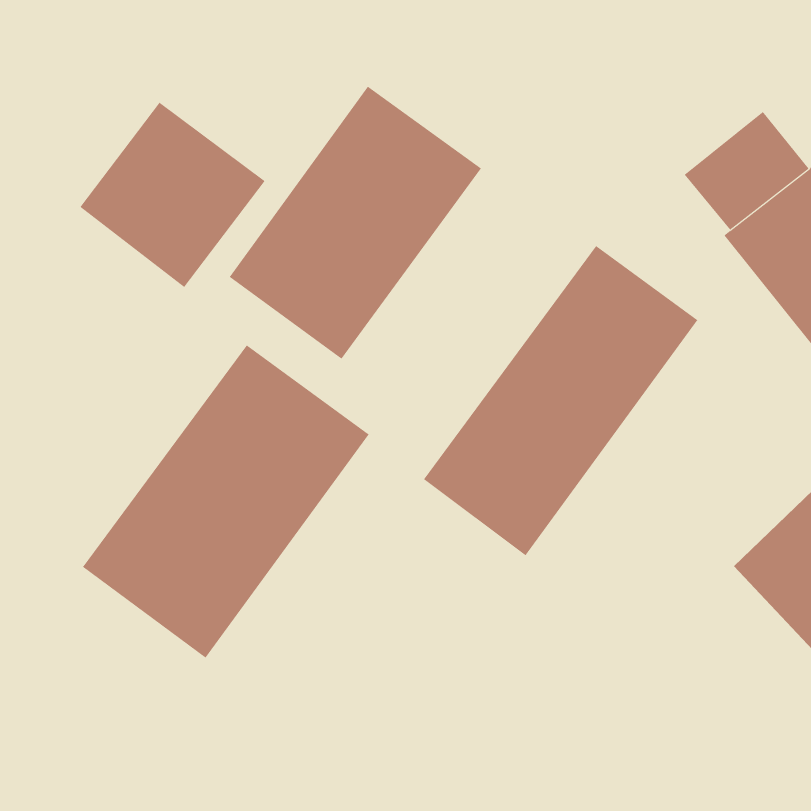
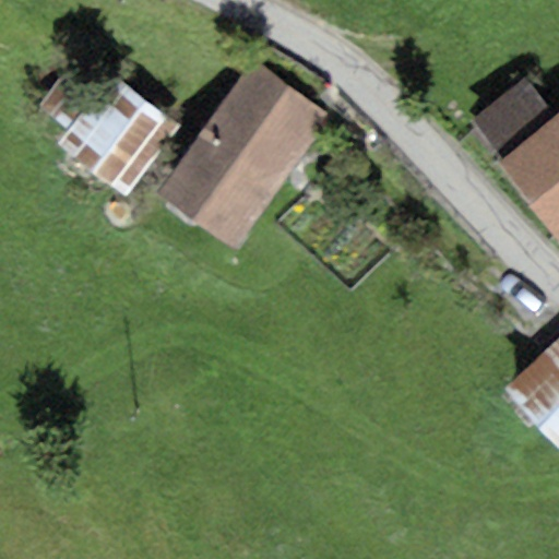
building: [423,245,698,556] -> none
building: [82,344,369,659] -> none

